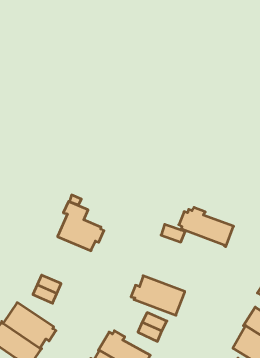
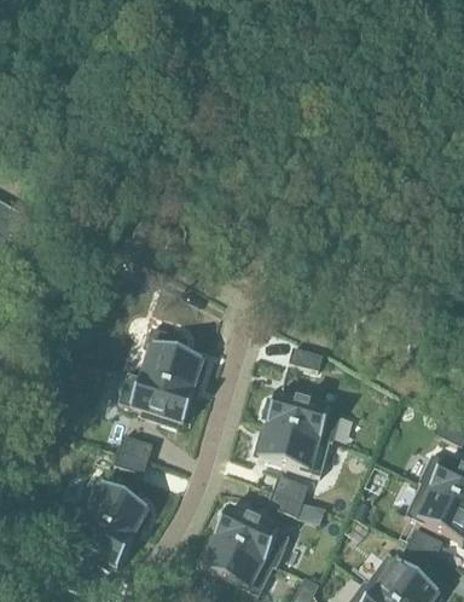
building: [179,207,234,247] -> [263,389,342,441]
building: none -> [120,371,195,426]

